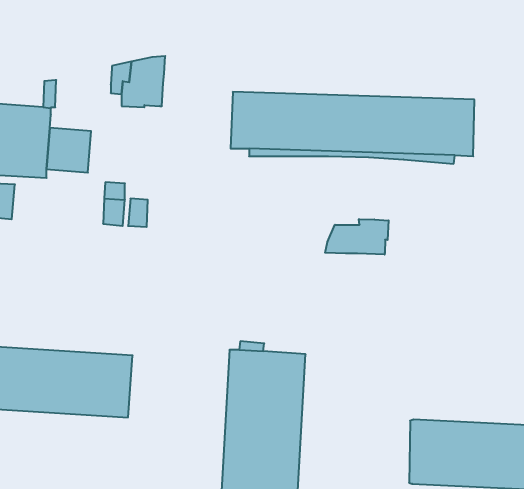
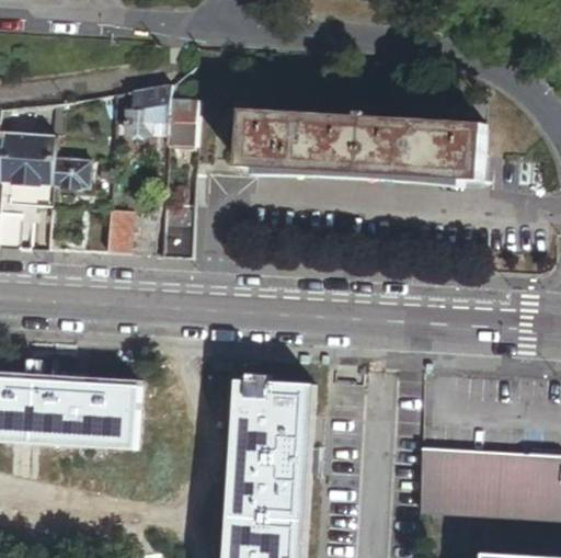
building: none -> [168,99,193,146]
building: none -> [161,216,188,257]
building: [325,219,389,255] -> none

